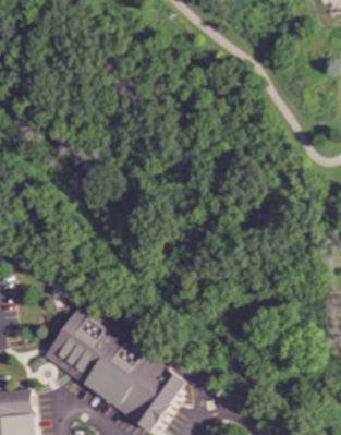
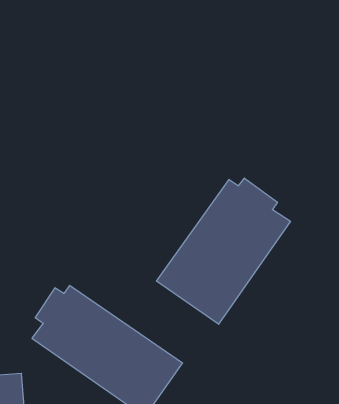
building: none -> [157,178,290,324]

